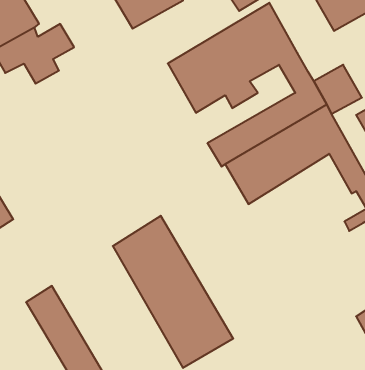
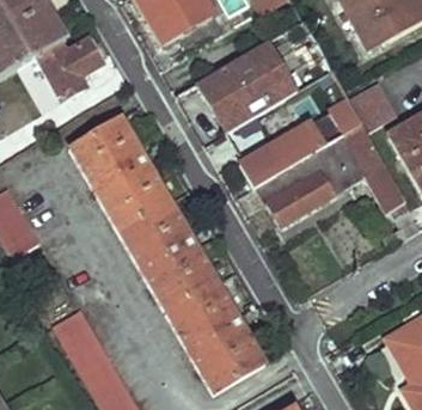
building: none -> [69,116,190,268]

